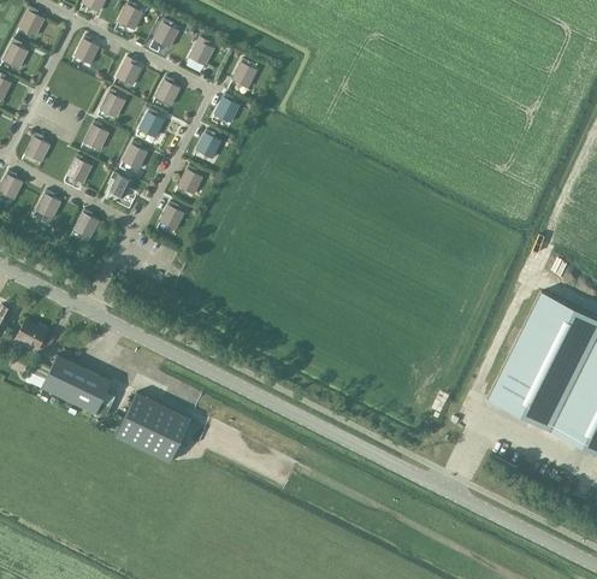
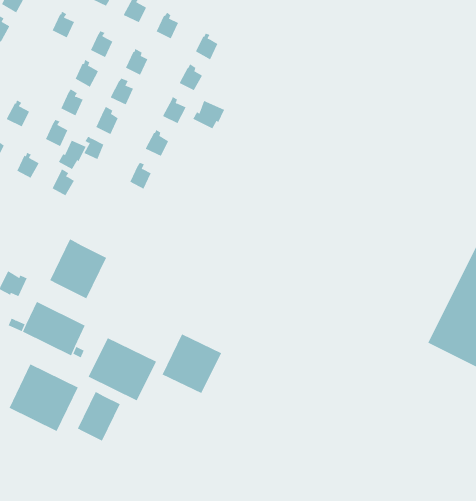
building: none -> [193,100,225,129]
building: none -> [58,140,87,170]
building: none -> [49,239,107,299]
building: none -> [162,334,222,394]
building: none -> [9,364,78,432]
building: none -> [77,391,121,441]

